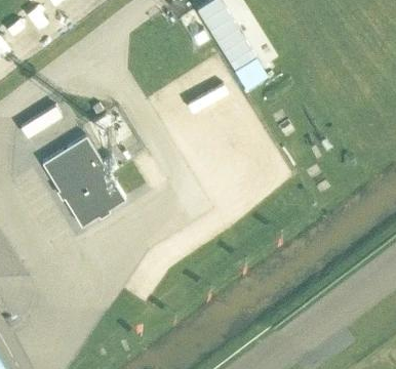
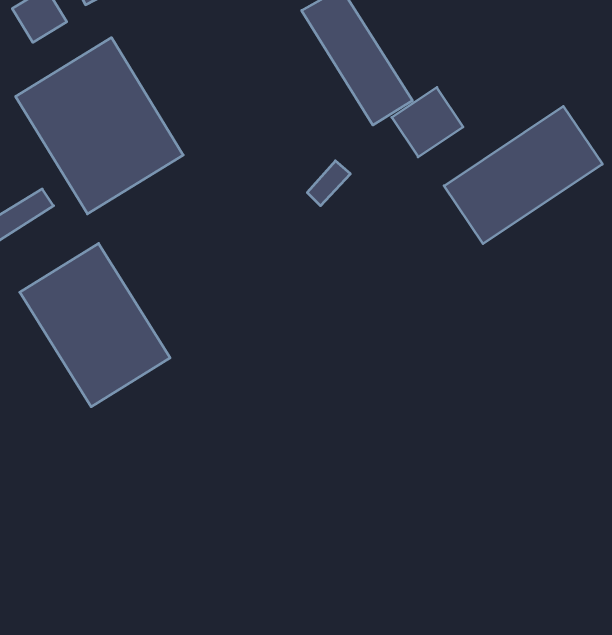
building: none -> [16,38,183,214]
building: none -> [444,106,602,244]

